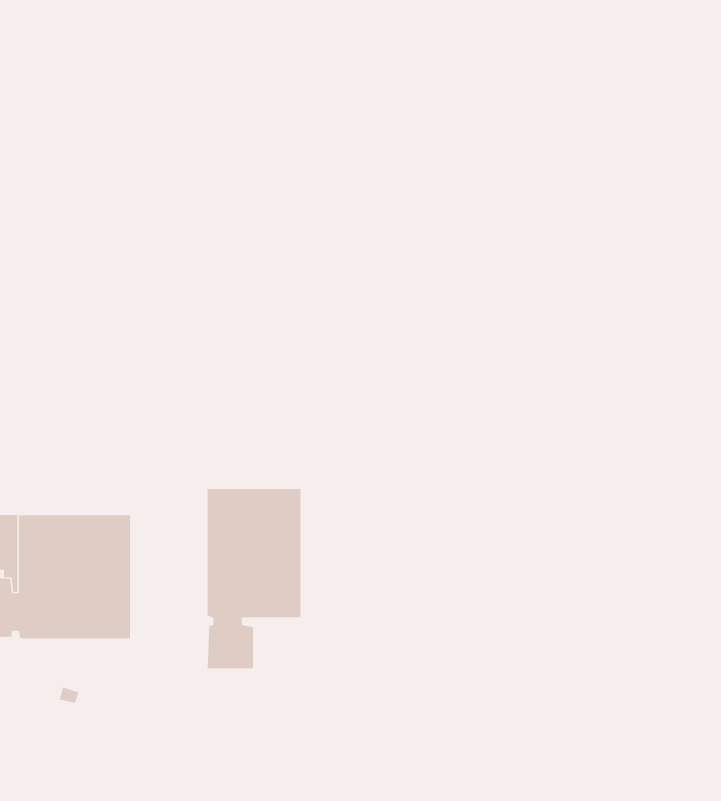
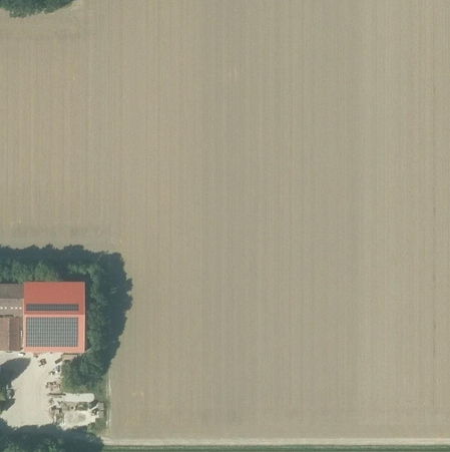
building: [207,488,301,669] -> none

